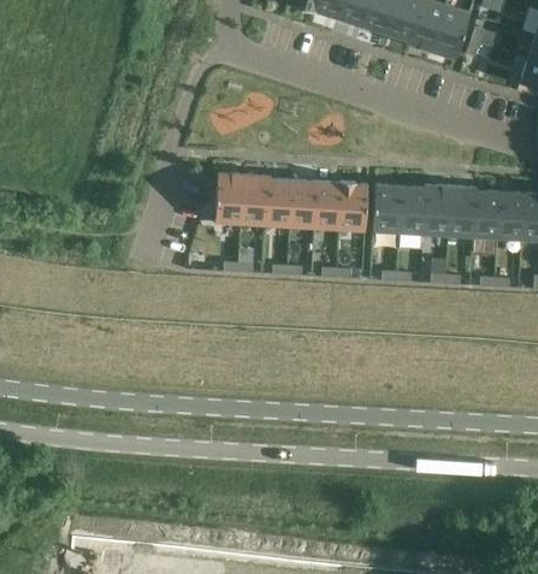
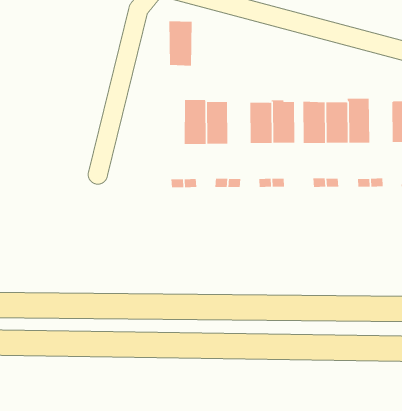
building: [215,172,244,224] -> [169,21,192,66]
building: [290,179,317,227] -> none
building: [448,185,475,236] -> none

